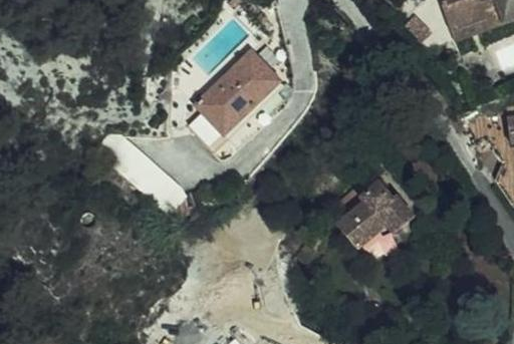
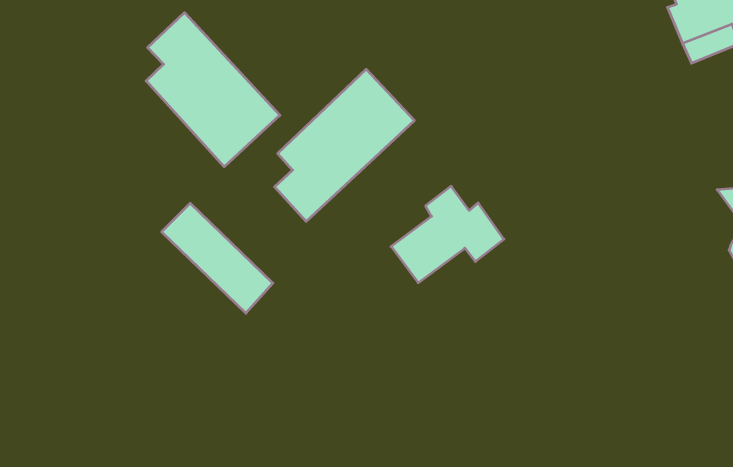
building: none -> [146,13,280,167]
building: [346,178,422,242] -> [391,186,504,283]

